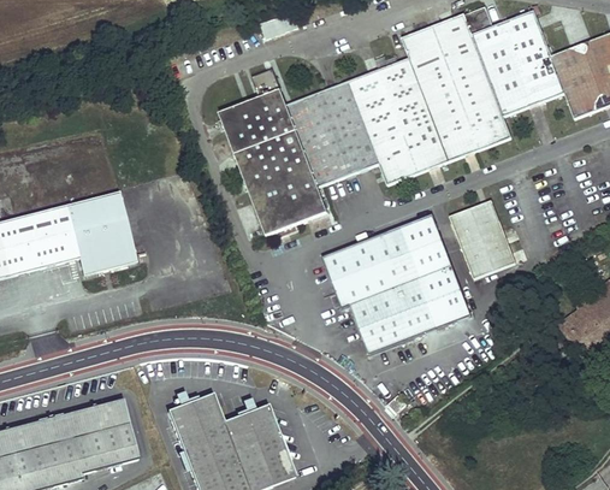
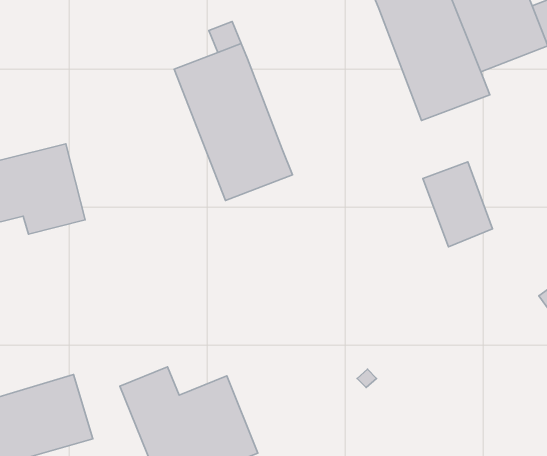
building: [286,57,449,188] -> none
building: [322,214,470,353] -> none

